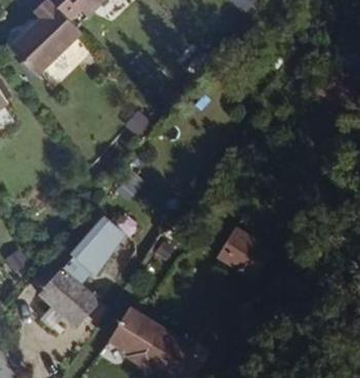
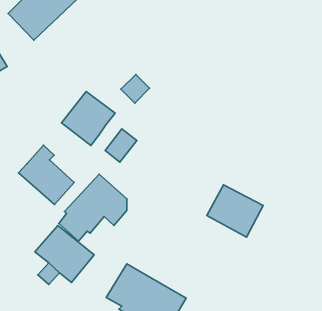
building: none -> [62,92,115,146]
building: none -> [19,145,74,205]

